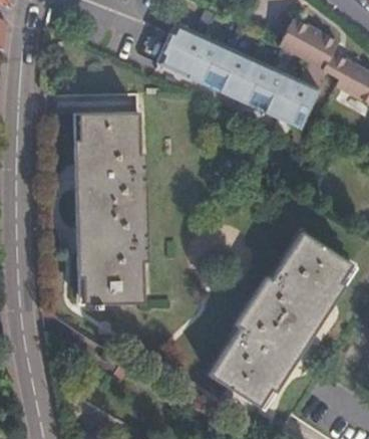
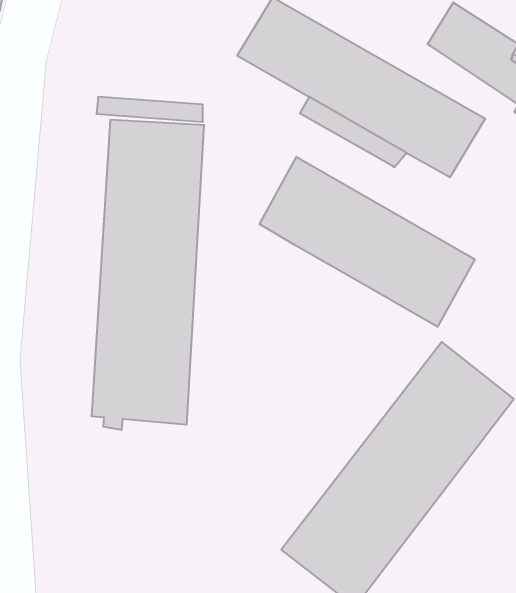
building: none -> [259,157,475,327]

